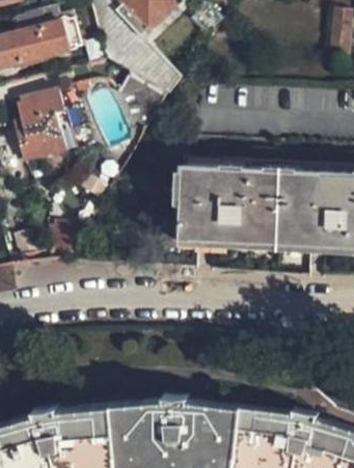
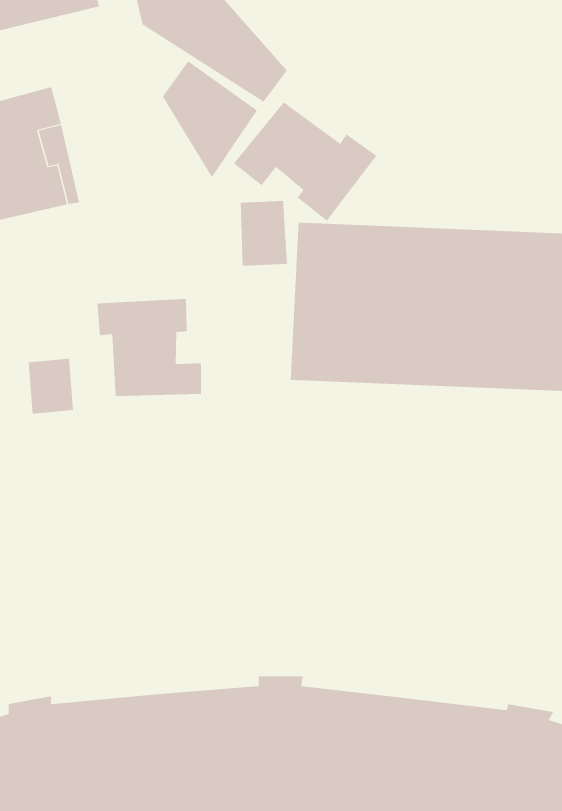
building: none -> [233,101,377,222]
building: none -> [97,298,202,397]

